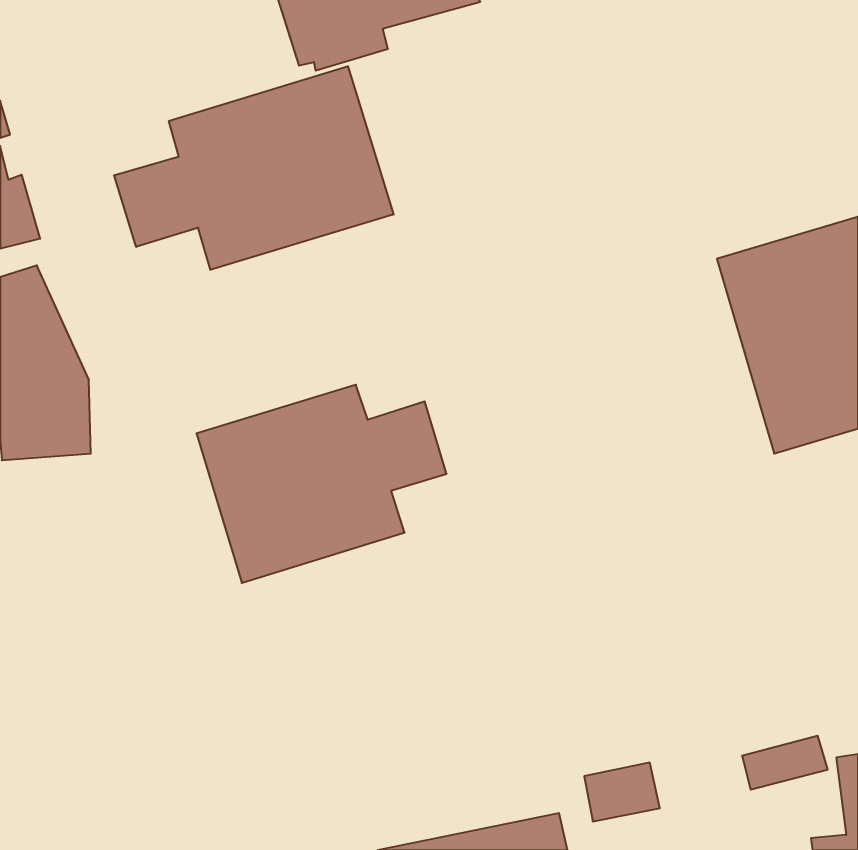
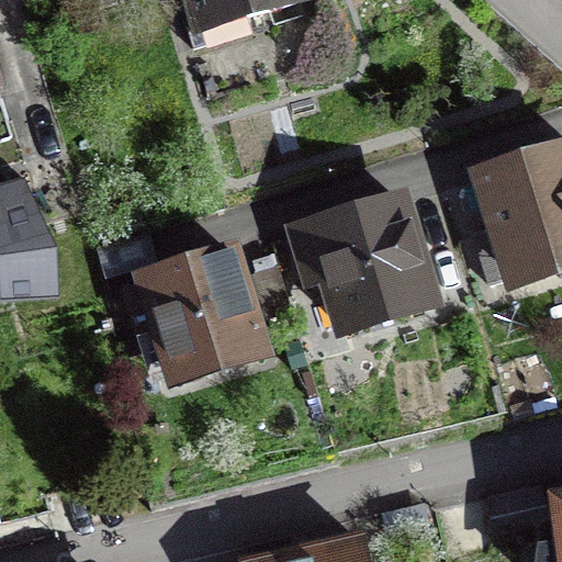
building: [114,66,394,270] -> none
building: none -> [296,199,432,325]

